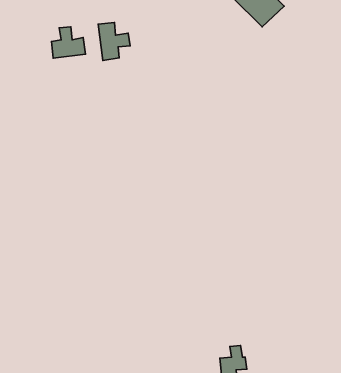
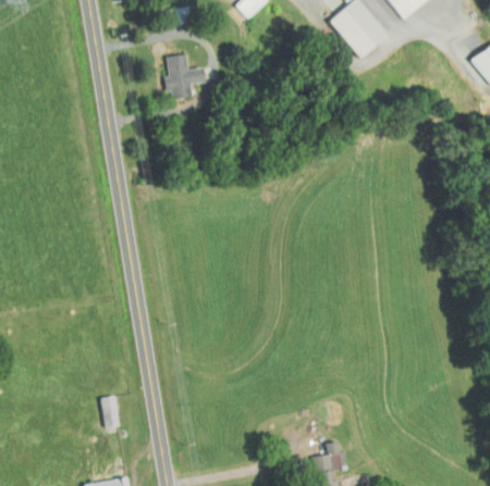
building: [52,27,86,58] -> none
building: none -> [101,396,121,428]

